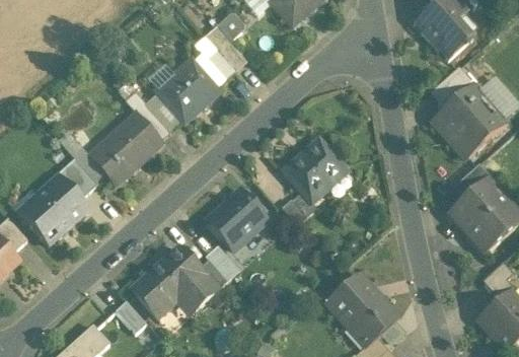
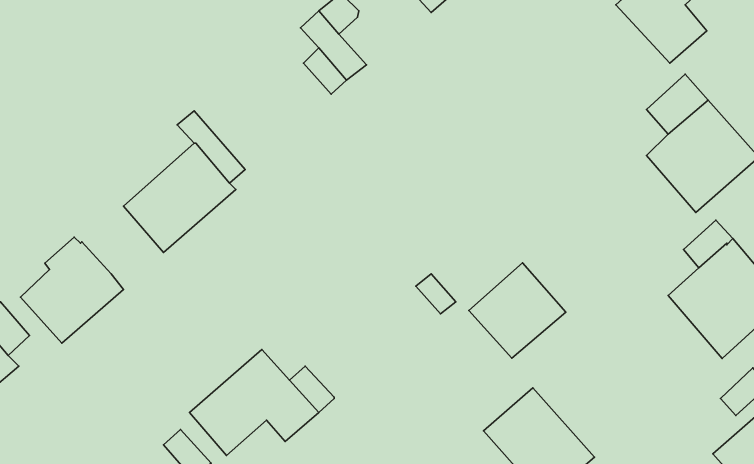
building: [156,60,219,123] -> none
building: [283,139,347,202] -> [469,263,566,358]
building: [56,158,97,199] -> none
building: [208,194,263,248] -> none
building: [205,245,239,280] -> none

